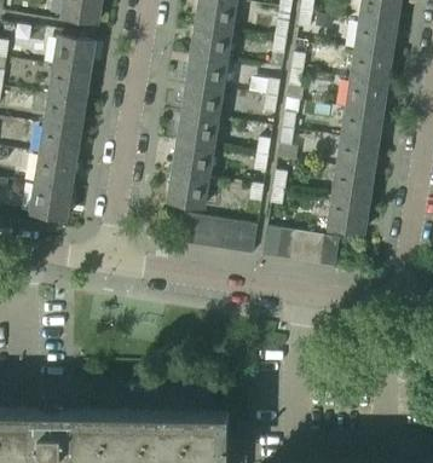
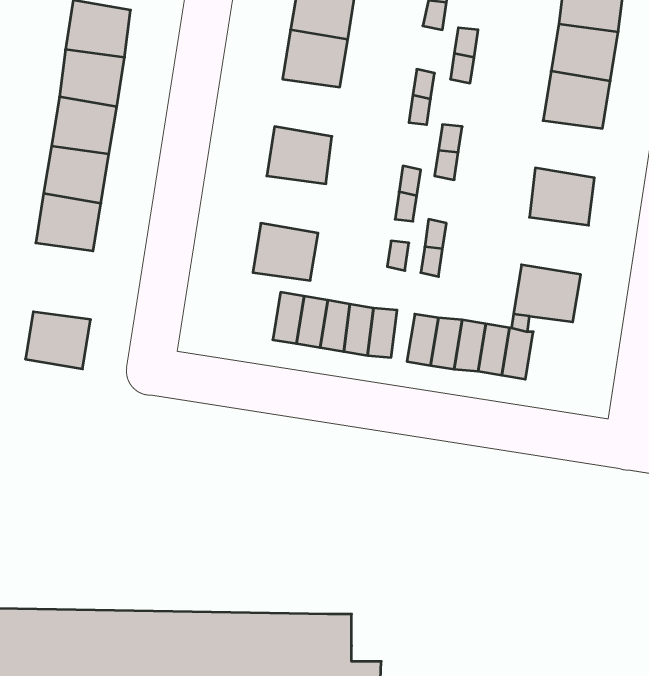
building: [181,86,221,121] -> none
building: [341,111,382,146] -> none
building: [173,145,213,180] -> none
building: [333,170,374,206] -> none
building: [30,186,70,221] -> [25,312,91,369]

